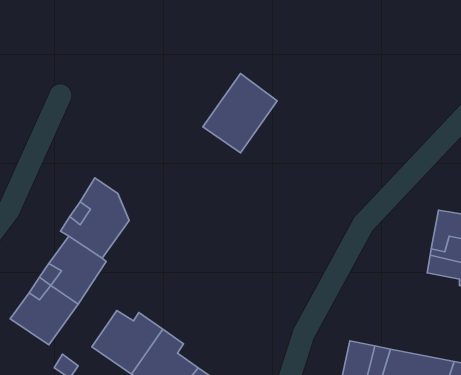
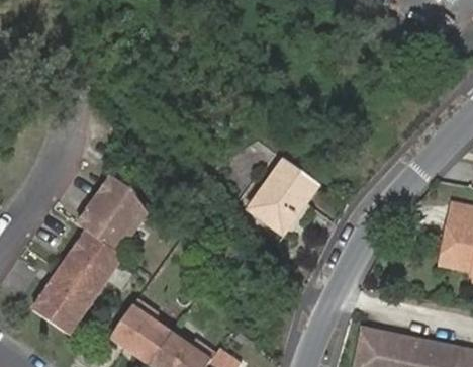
building: [203,74,277,153] -> [245,156,316,233]

